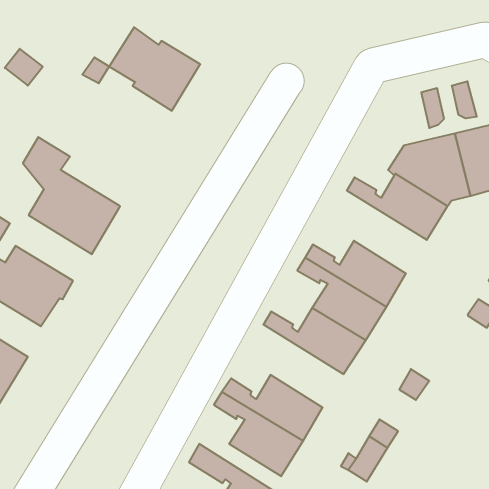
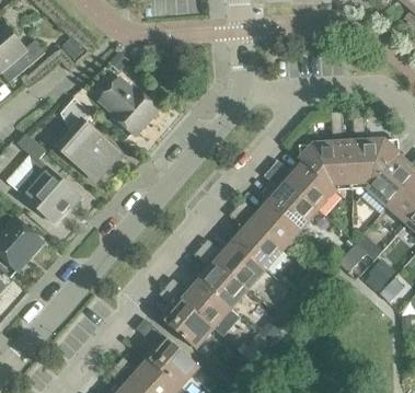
building: [109,27,200,111] -> [99,77,159,136]
building: none -> [264,167,318,229]
building: none -> [194,246,247,308]

